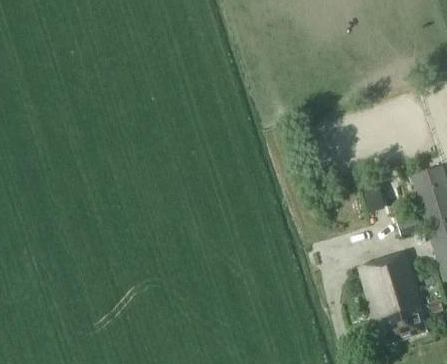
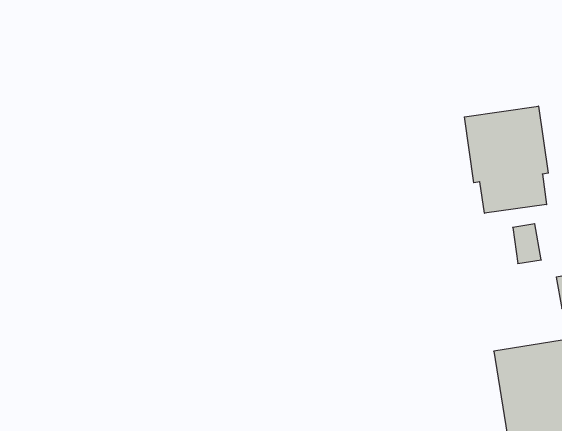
building: none -> [464,106,548,213]

